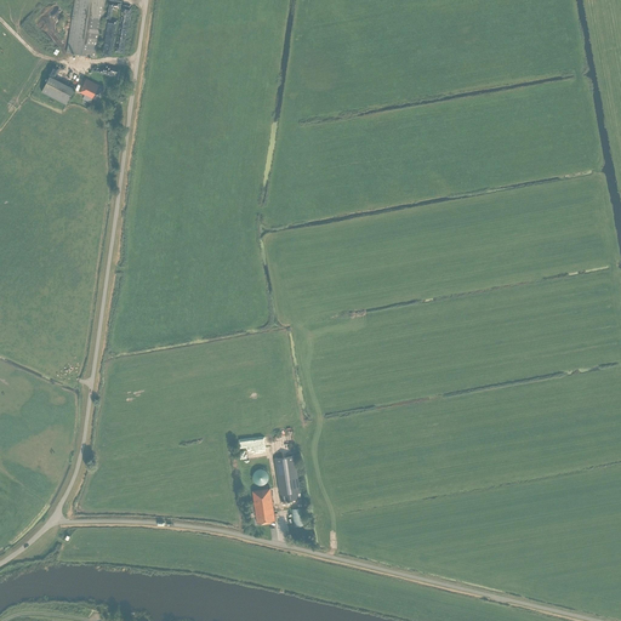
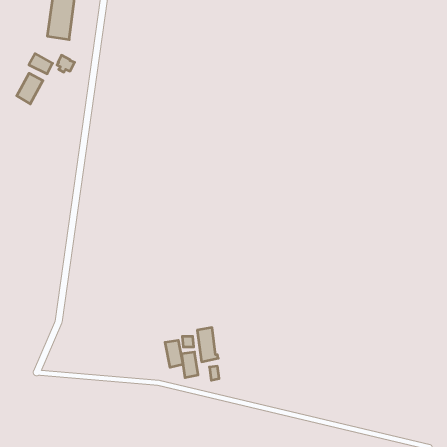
building: none -> [17,73,43,104]
building: none -> [165,340,183,367]

